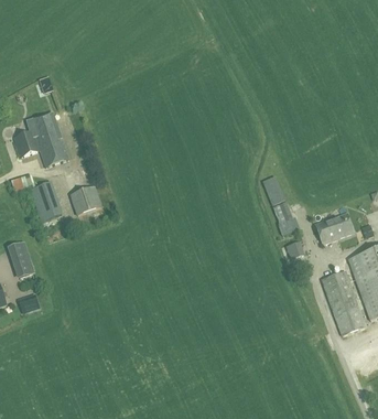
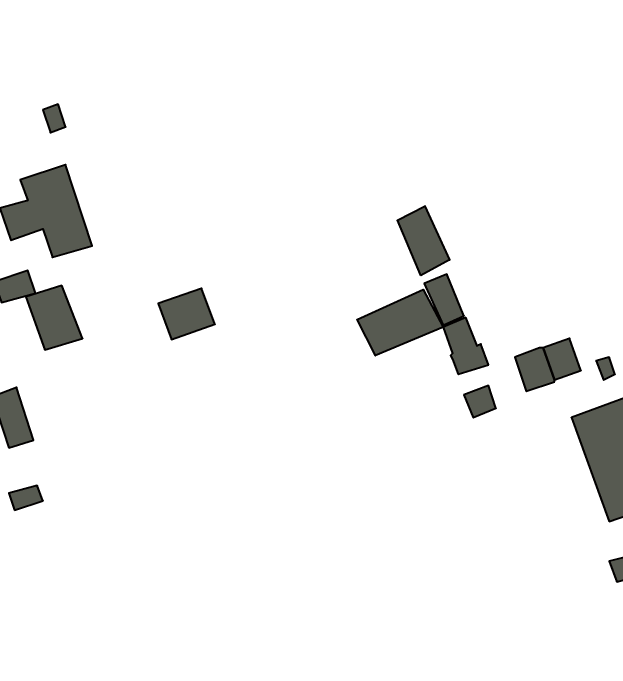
building: none -> [397,206,450,275]
building: none -> [357,290,443,356]
building: [68,185,101,215] -> [158,288,215,339]
building: [320,270,365,336] -> none

